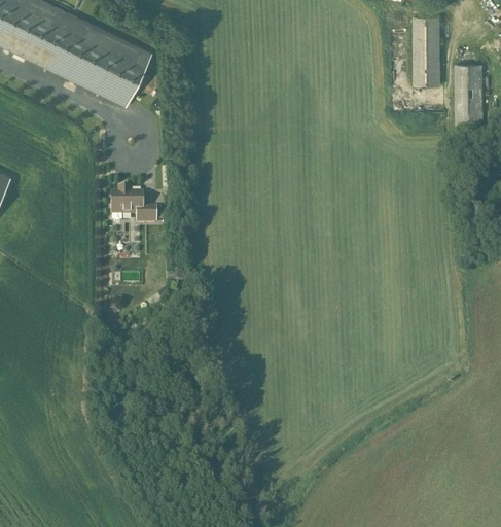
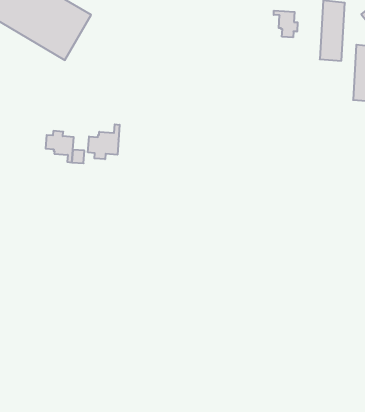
building: none -> [274,11,298,37]
building: none -> [88,124,120,159]

